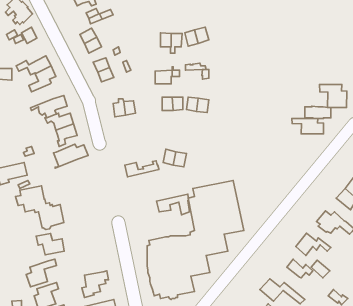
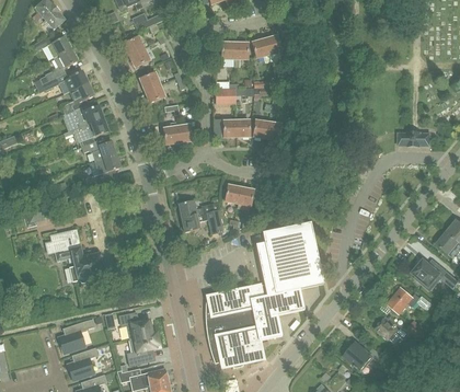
building: none -> [39,48,78,84]
building: [320,84,347,108] -> none
building: [292,119,324,134] -> none
building: [53,144,88,168] -> [61,104,104,134]
building: [156,194,189,215] -> [182,209,222,234]
building: [36,233,64,255] -> [118,312,152,338]

